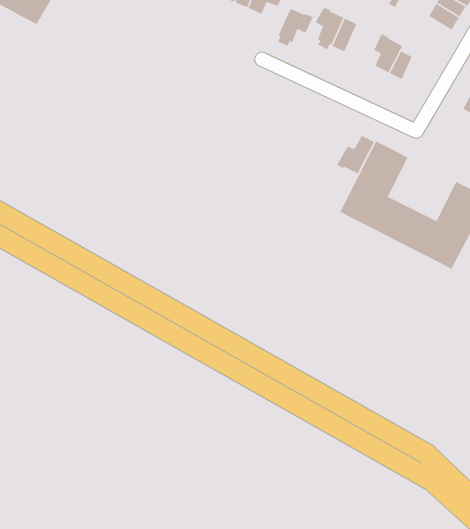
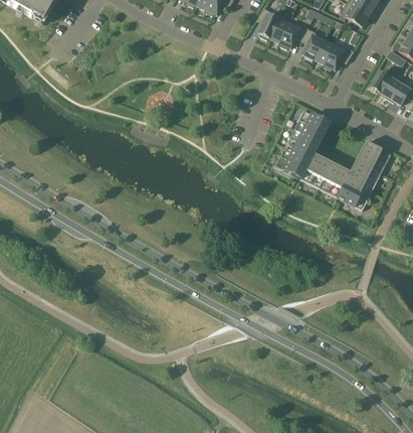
building: [277,8,314,47] -> [280,20,308,50]
building: none -> [325,41,355,68]
building: [336,135,375,175] -> none

